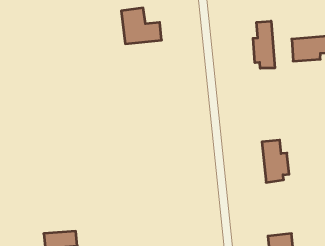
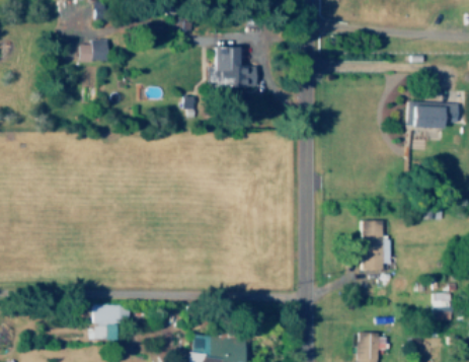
building: none -> [80,40,107,61]
building: [253,21,275,68] -> none

